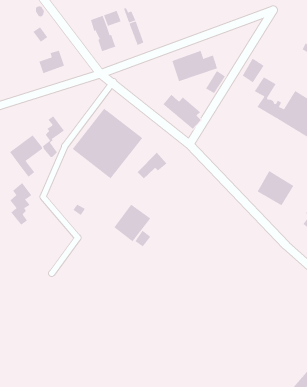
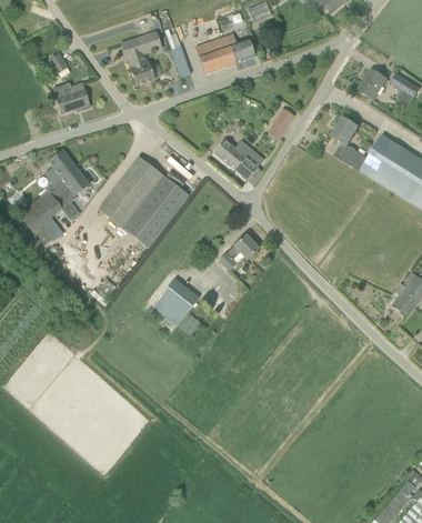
building: [172,50,218,82] -> [195,33,254,73]
building: [242,58,264,83] -> [358,68,386,100]
building: [137,152,167,179] -> [220,234,259,269]
building: [257,170,294,206] -> none
building: [9,182,32,226] -> [46,150,74,205]

